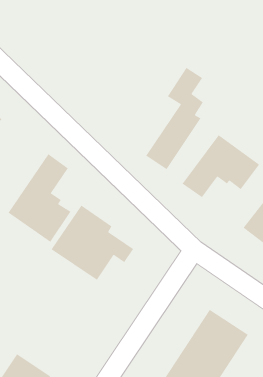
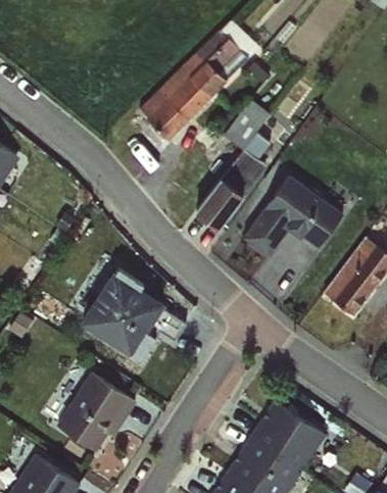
building: none -> [137,13,261,135]
building: [7,153,72,243] -> none
building: none -> [54,376,134,453]

